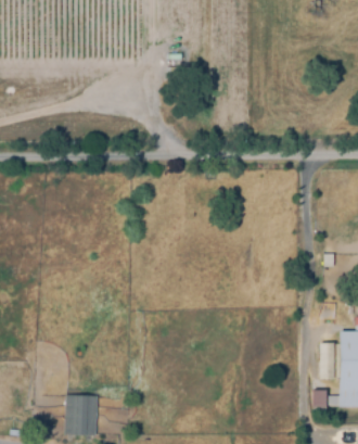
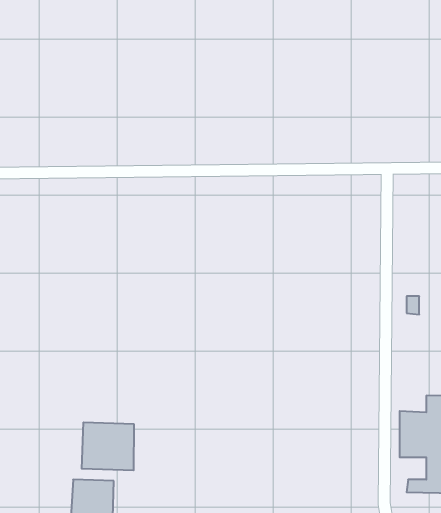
building: none -> [82,422,134,470]

